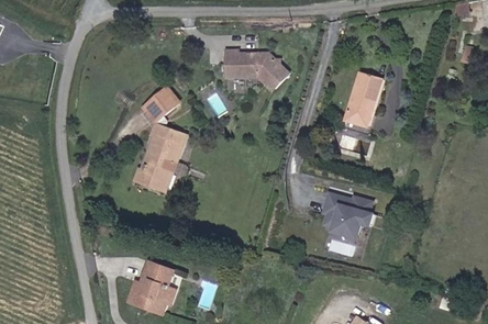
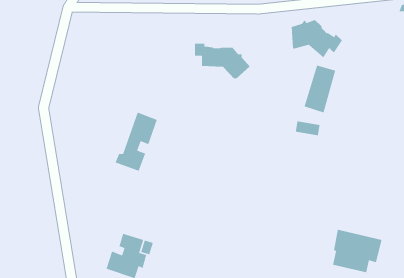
building: none -> [291,19,343,58]
building: [141,85,173,115] -> none
building: [319,189,375,238] -> [332,229,382,273]

